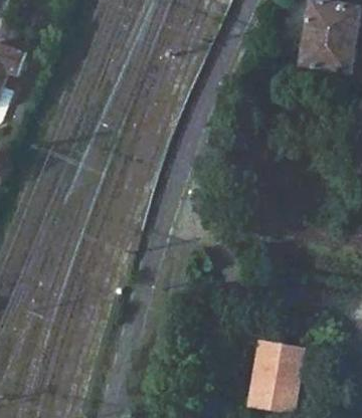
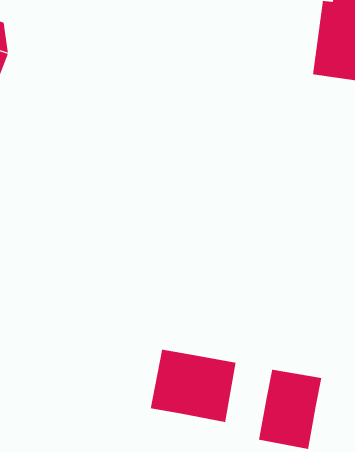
building: none -> [150,349,236,423]

